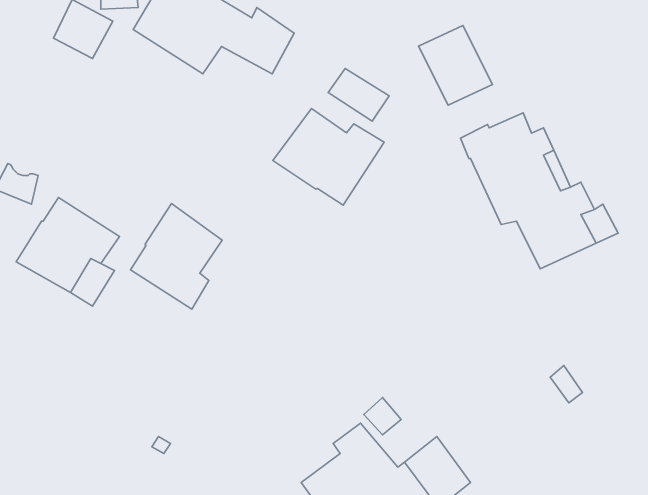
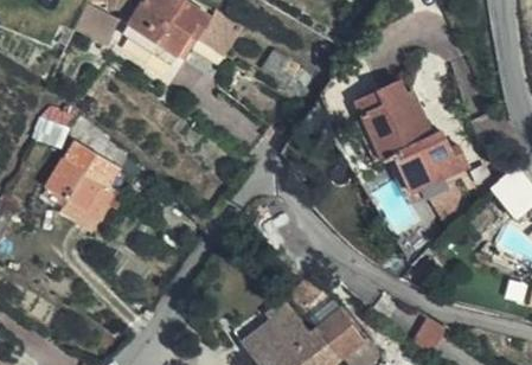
building: [418,25,493,105] -> none
building: [273,109,384,205] -> none
building: [130,204,222,309] -> none

